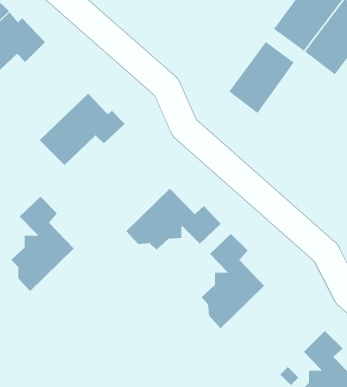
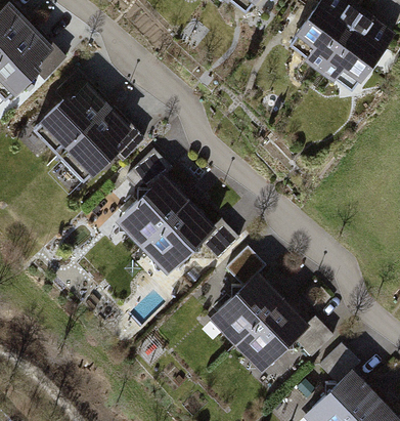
building: [228,41,294,114] -> none
building: none -> [33,86,106,155]
building: [10,196,74,292] -> [124,150,187,245]
building: none -> [237,299,332,362]

